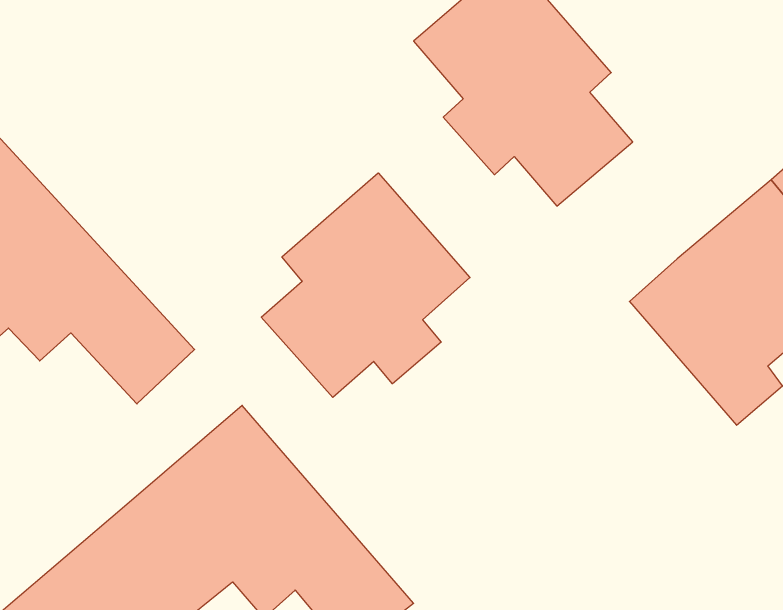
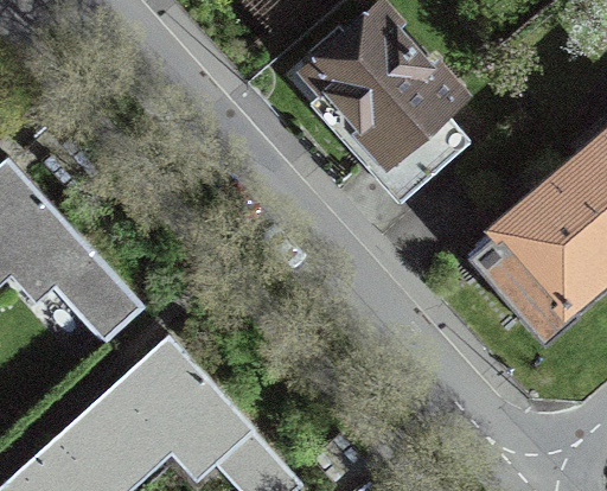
building: [261,173,470,397] -> none

